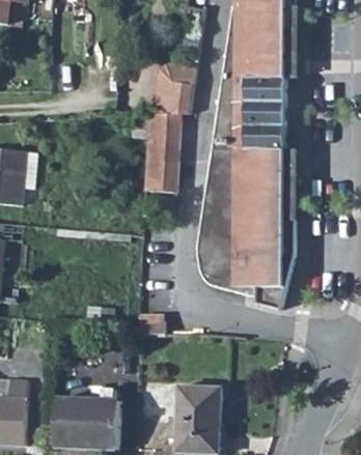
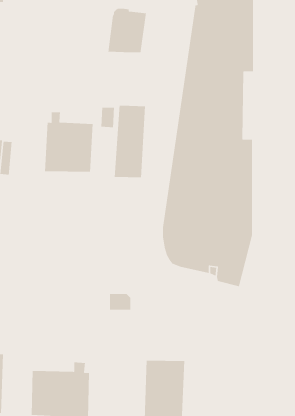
building: [152,65,195,114] -> [107,8,147,53]
building: none -> [44,111,93,173]

